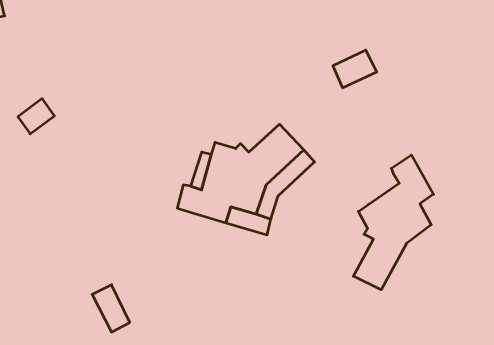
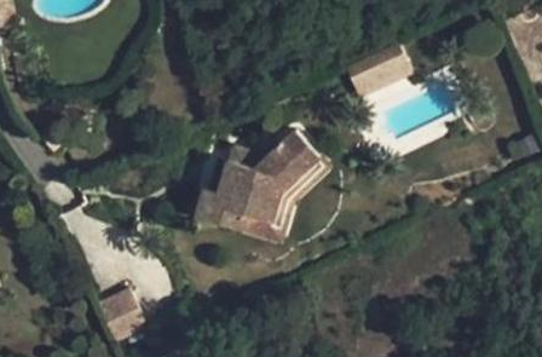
building: [353,155,434,290] -> none

